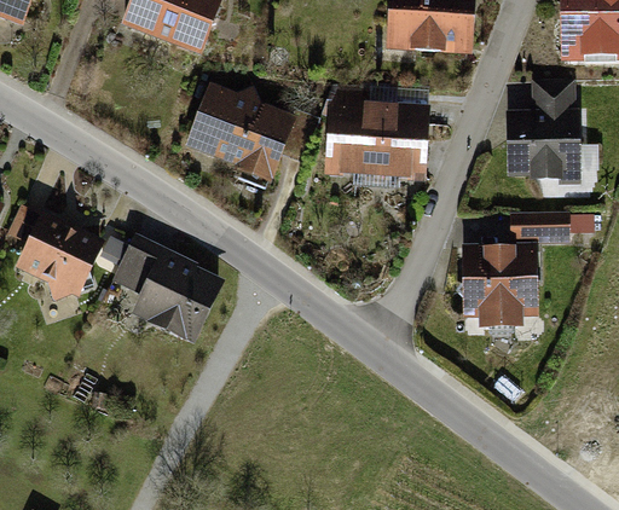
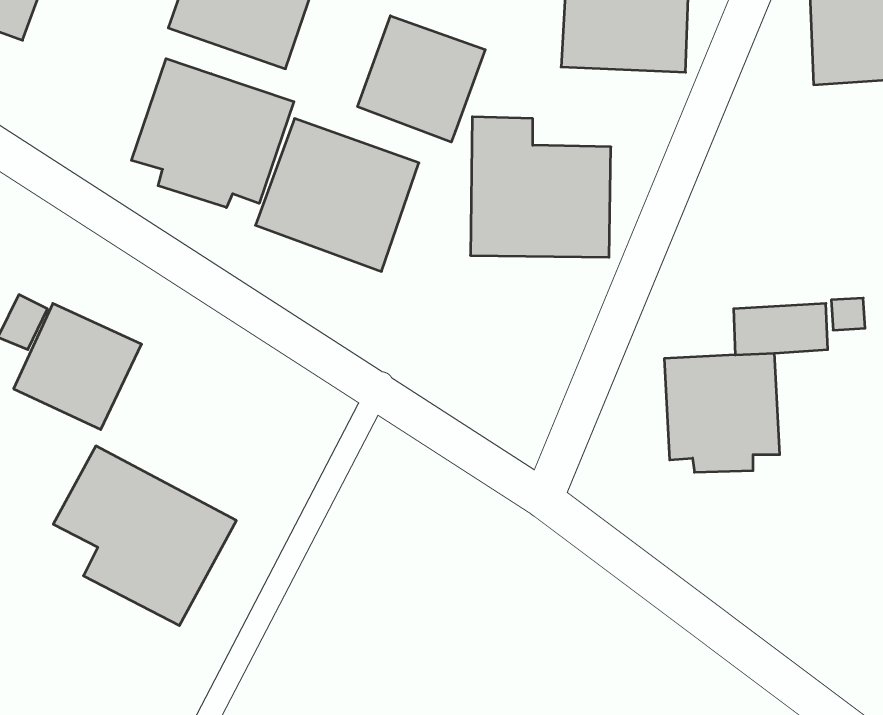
building: none -> [358,16,485,142]
building: none -> [131,59,294,208]
building: [504,76,577,181] -> none
building: [109,225,233,347] -> [53,446,236,626]

